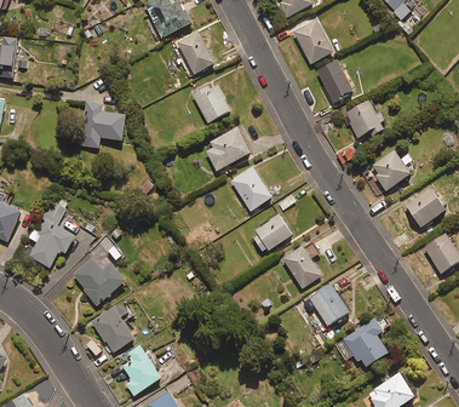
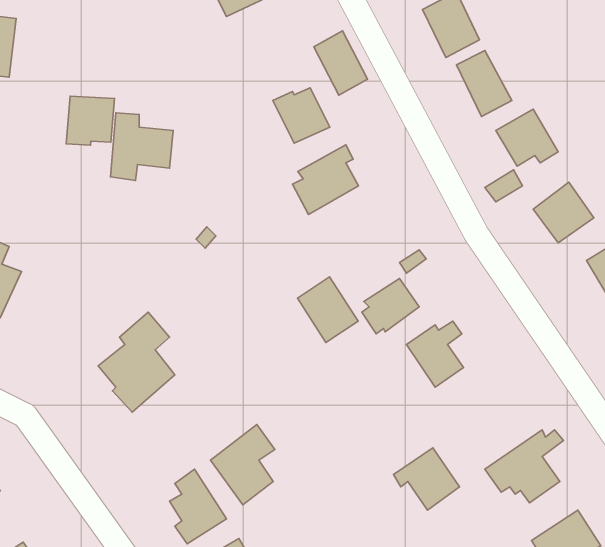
building: [177,30,213,74] -> [314,31,367,95]
building: none -> [66,96,115,145]
building: [230,166,271,211] -> [297,277,358,343]
building: [28,200,74,268] -> none
building: [303,283,348,326] -> [394,448,460,510]
building: [91,298,134,352] -> [211,425,275,505]

